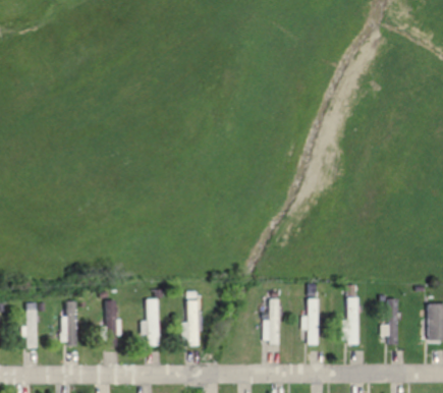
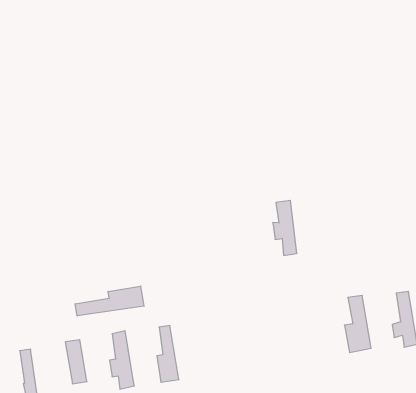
building: none -> [75,286,144,316]
building: [261,298,279,343] -> none
building: [301,299,319,344] -> [273,200,297,255]

